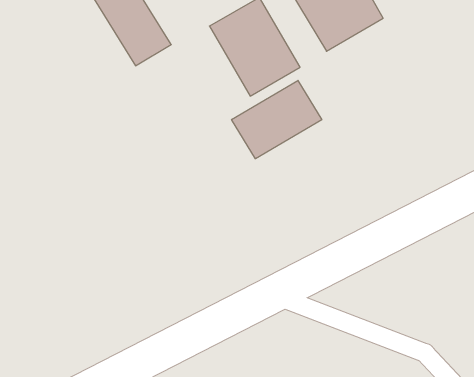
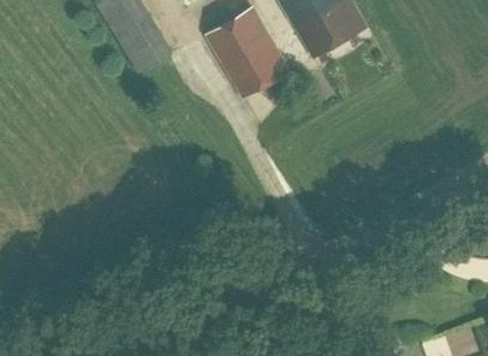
building: [232,80,322,159] -> none

